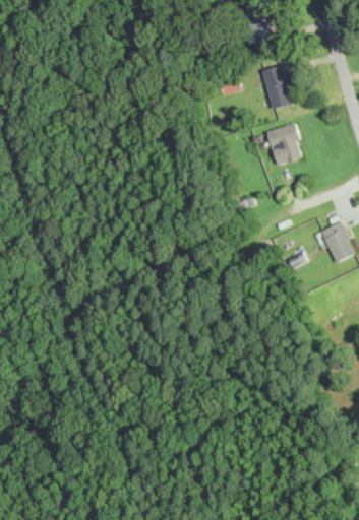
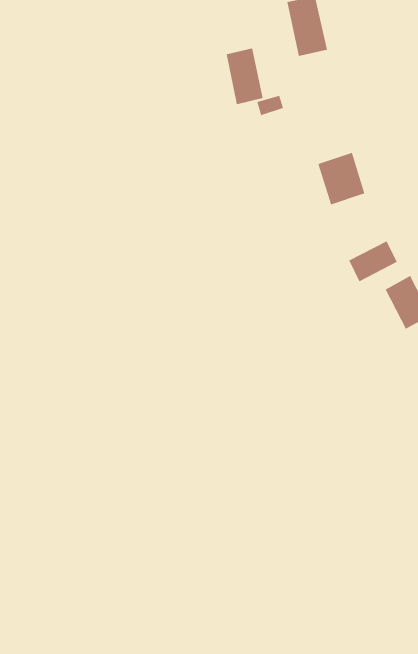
building: [262,64,292,109] -> [226,48,263,105]
building: none -> [349,240,397,282]

